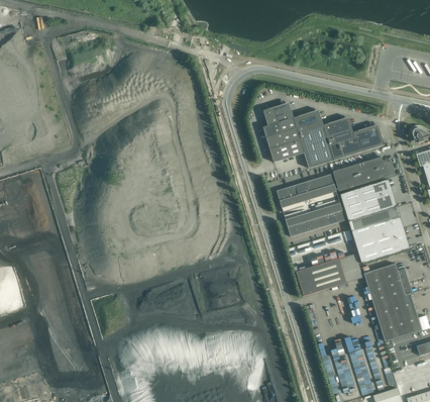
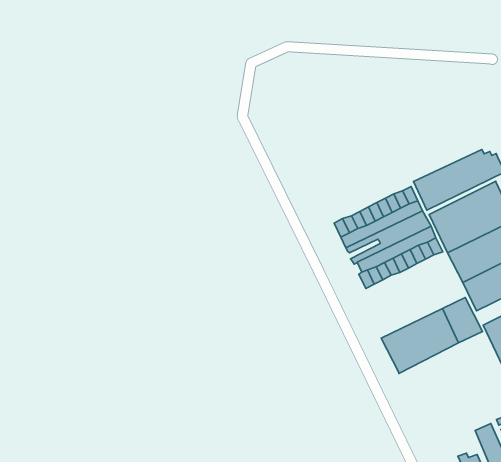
building: [263,102,385,168] -> none

